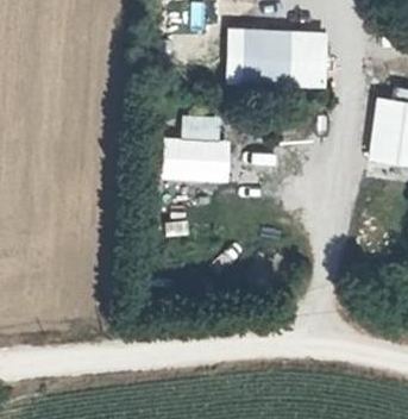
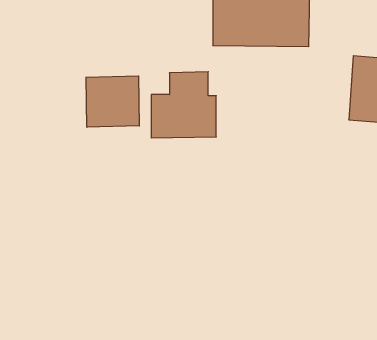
building: none -> [86,76,139,127]

